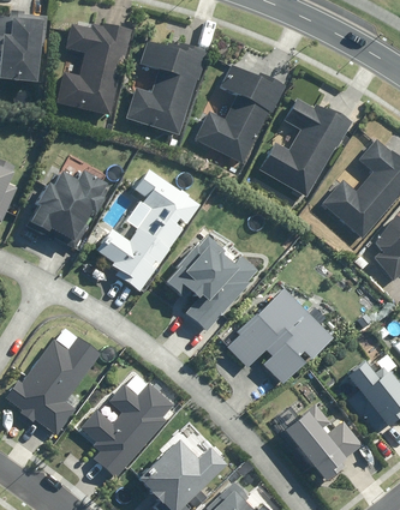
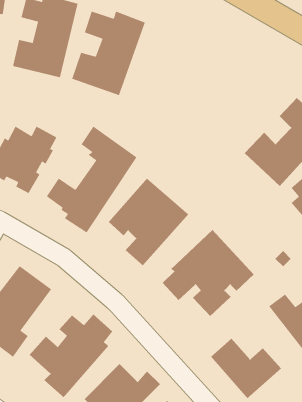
building: [192,64,287,166] -> none
building: [259,100,352,196] -> none

